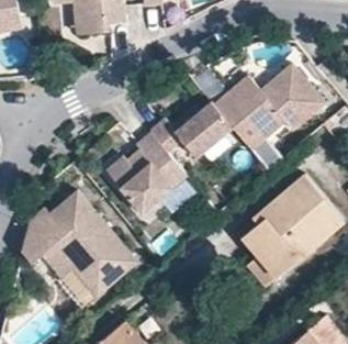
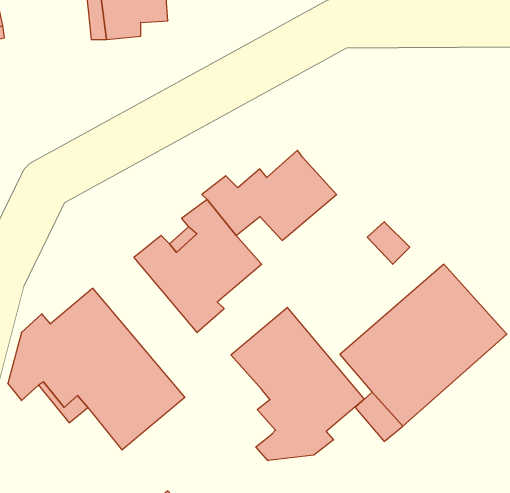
building: [212,66,324,152] -> none
building: none -> [231,307,364,461]

